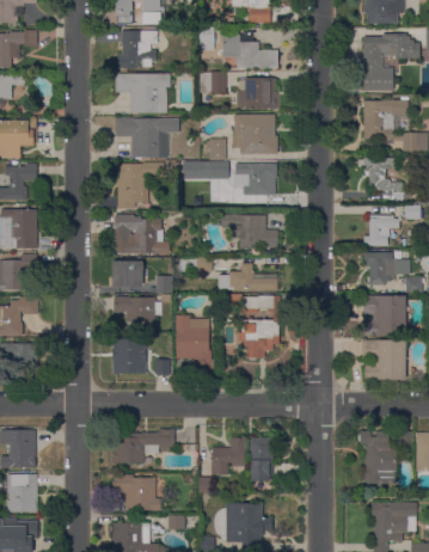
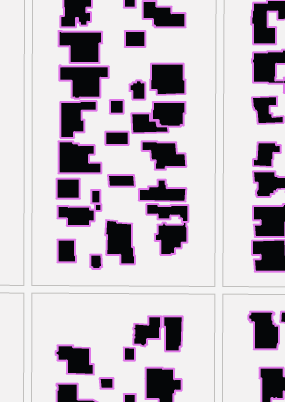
building: [237,78,276,109] -> none
building: [198,161,228,178] -> [105,132,129,145]
building: [112,429,174,464] -> none

